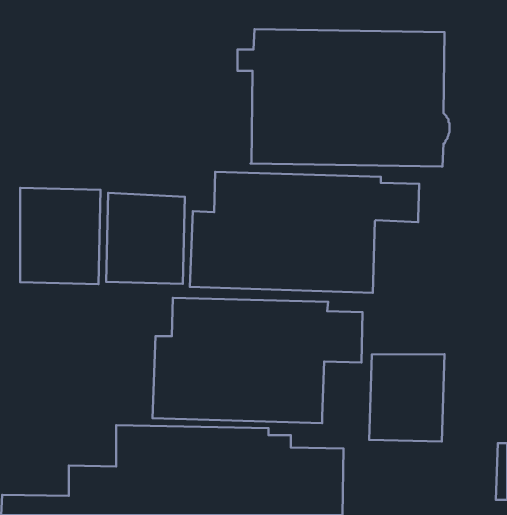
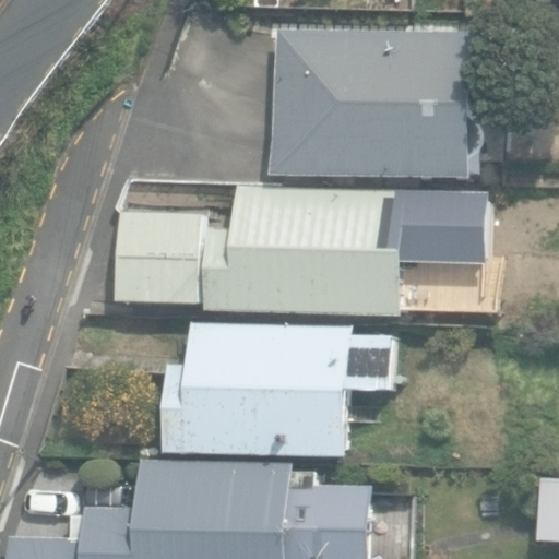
building: [20,188,100,284] -> none
building: [369,354,445,442] -> none

